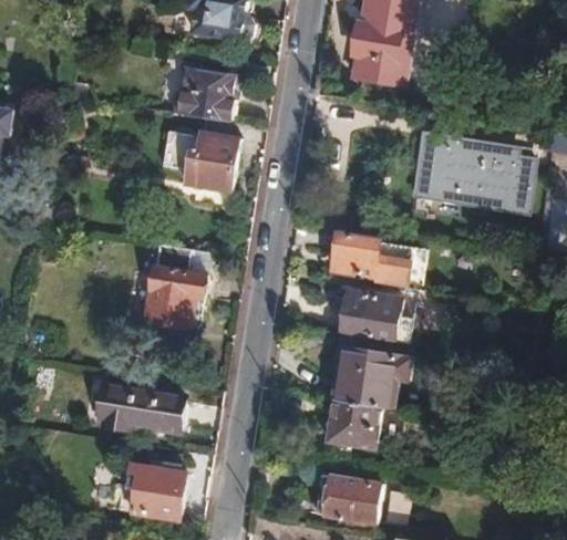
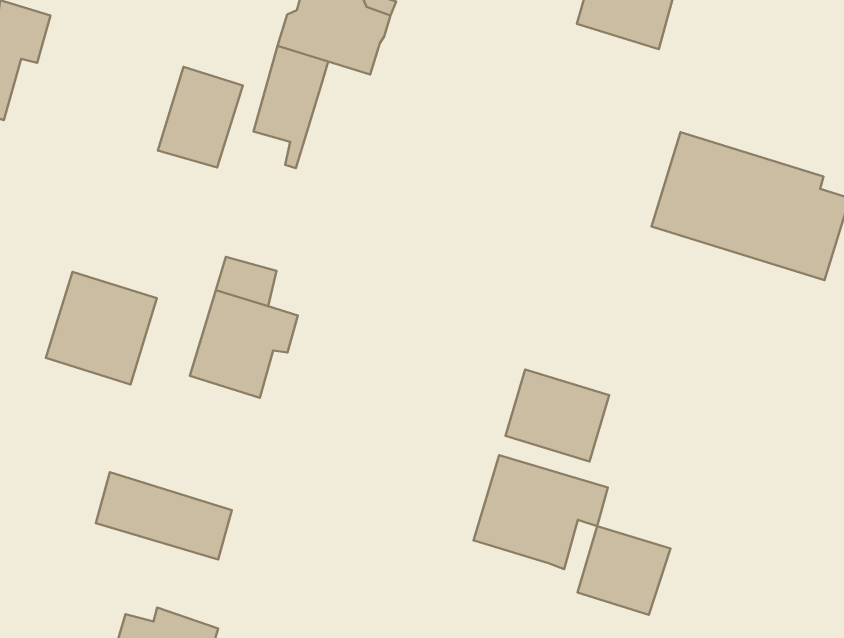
building: [194,133,240,191] -> [158,67,243,168]
building: [331,235,412,288] -> none
building: none -> [46,272,157,384]
building: [327,398,380,448] -> [577,526,670,615]

